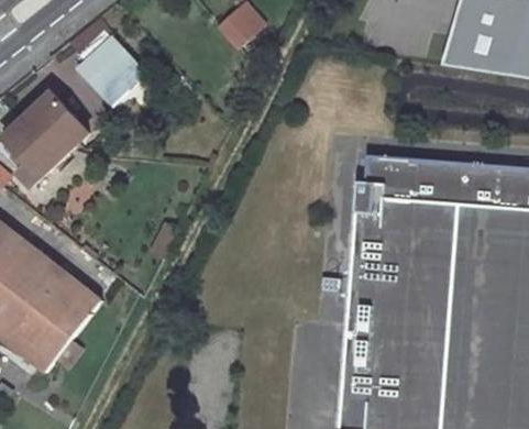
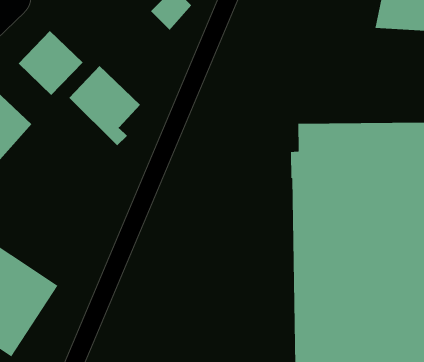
building: none -> [68,65,141,146]

